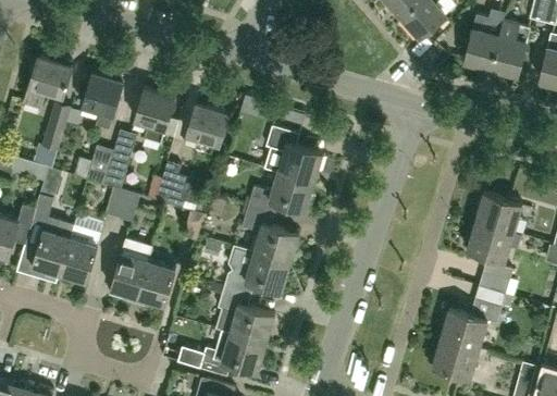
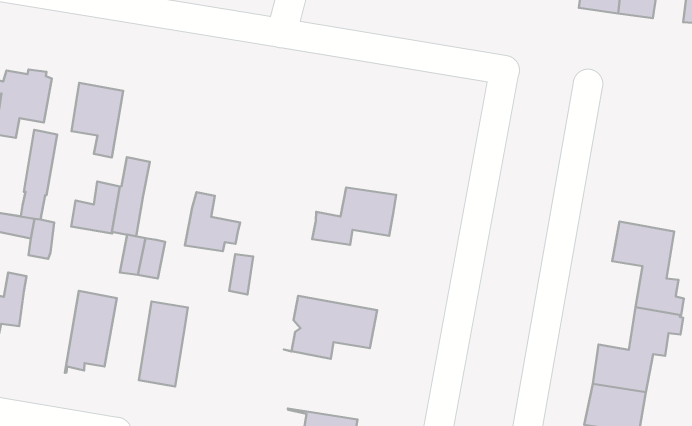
building: [134,88,173,144] -> none
building: [183,103,233,150] -> none
building: [265,126,322,182] -> none
building: [474,194,522,233] -> none
building: [233,207,298,264] -> none
building: [29,216,73,283] -> none
building: [135,261,174,307] -> none
building: [208,284,274,343] -> none

